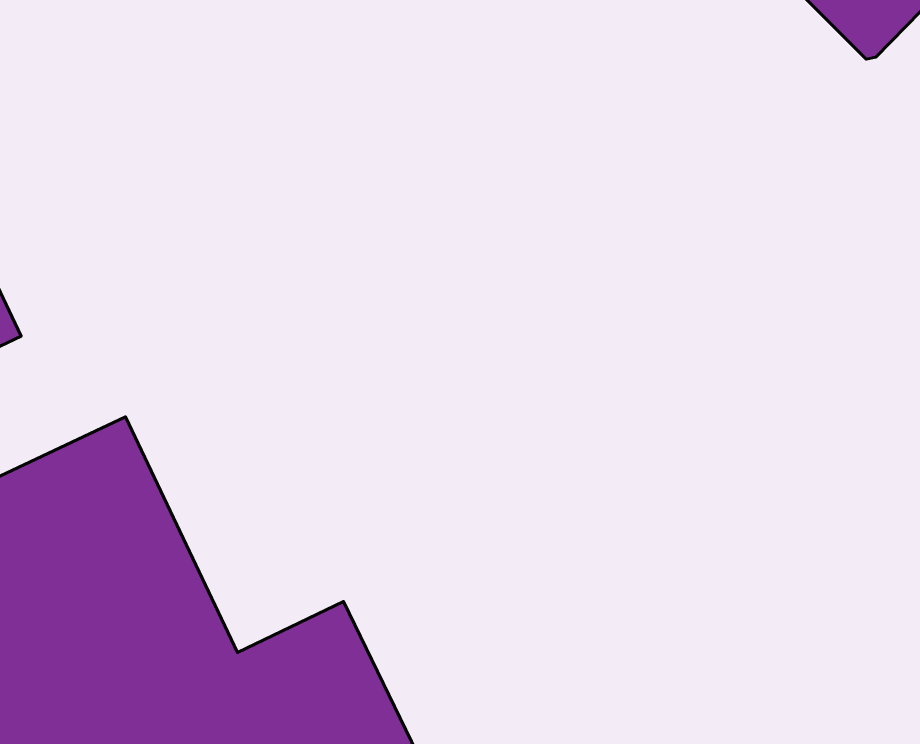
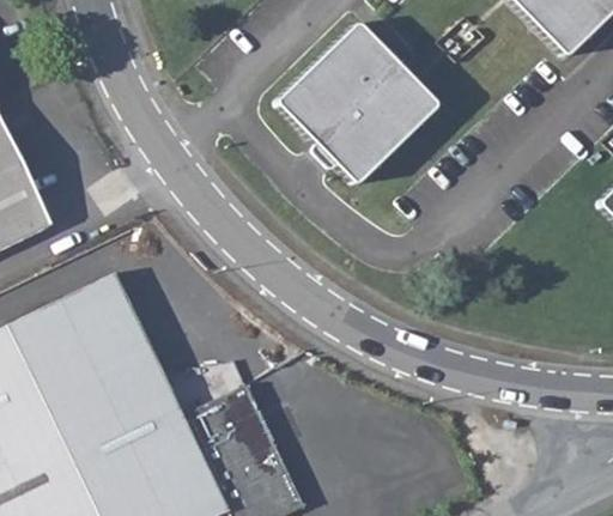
building: none -> [279,25,438,184]

